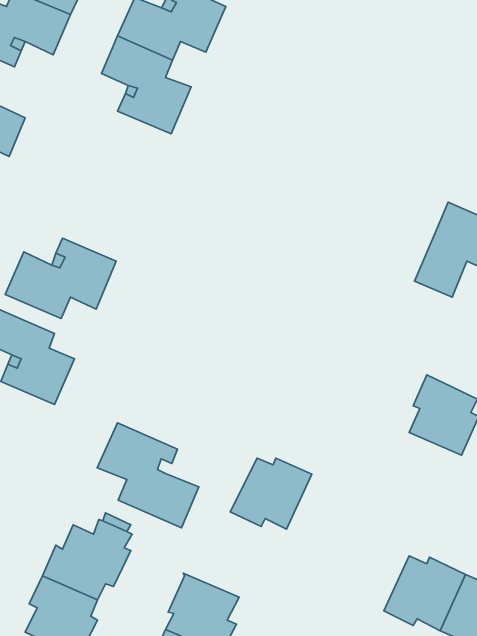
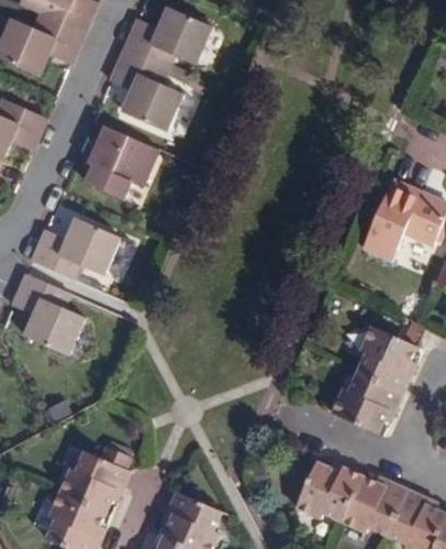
building: none -> [86,127,160,198]
building: [97,423,199,528] -> none
building: none -> [336,374,403,435]
building: [230,458,312,529] -> [293,462,360,520]

